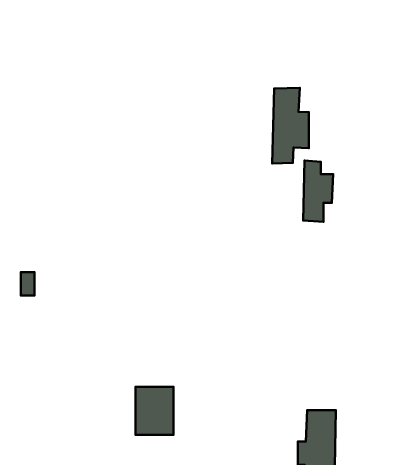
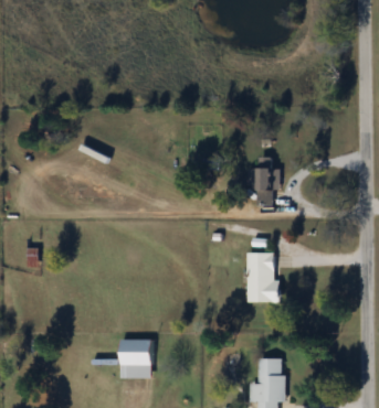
building: [272,88,309,164] -> none
building: none -> [246,253,280,302]

